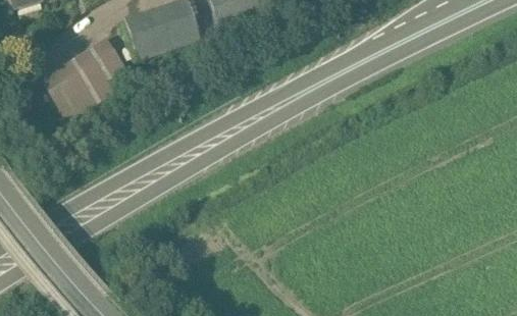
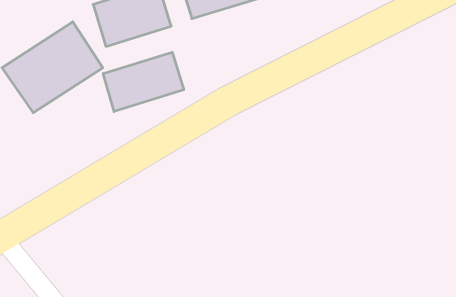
building: none -> [103,52,184,112]

